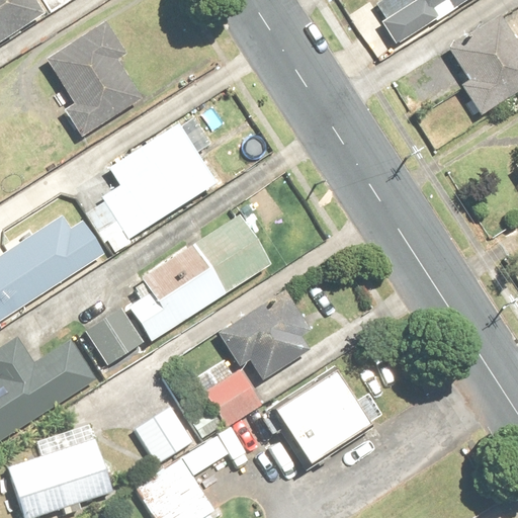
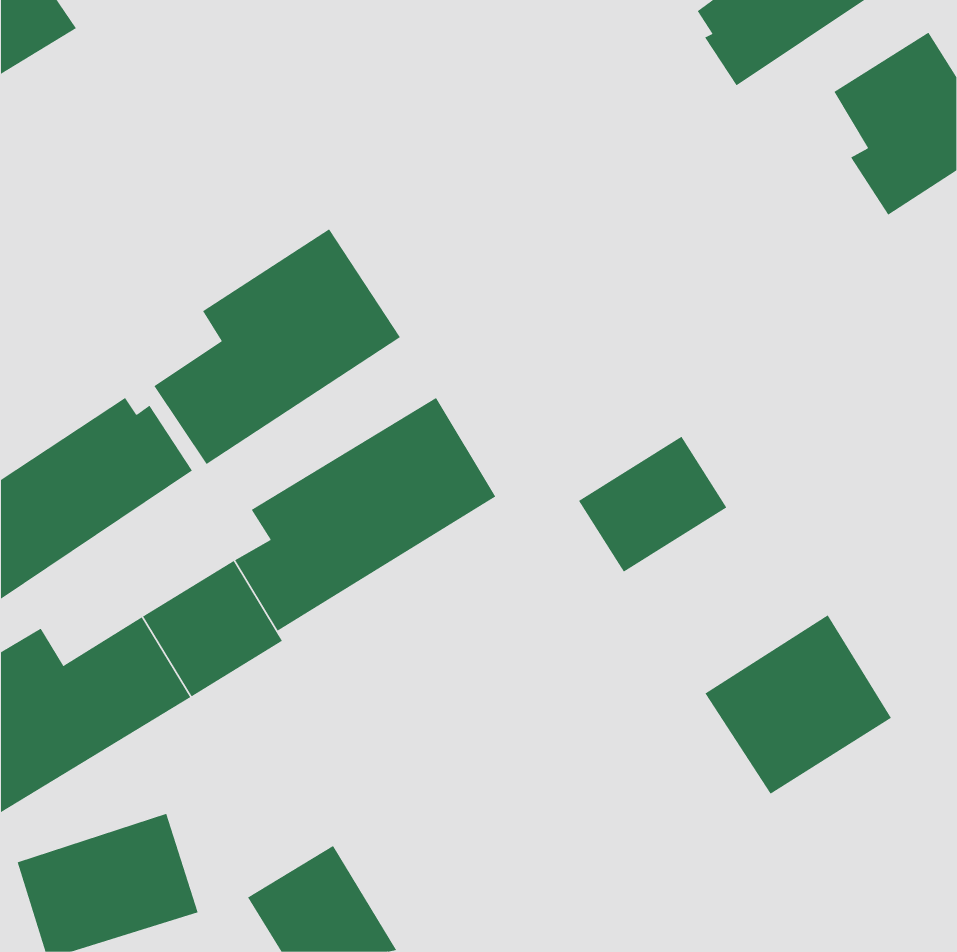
building: [46,23,148,135] -> none
building: none -> [578,436,727,572]
building: [187,287,311,458] -> none
building: [271,368,372,465] -> [704,615,892,795]
building: [137,407,191,463] -> none

